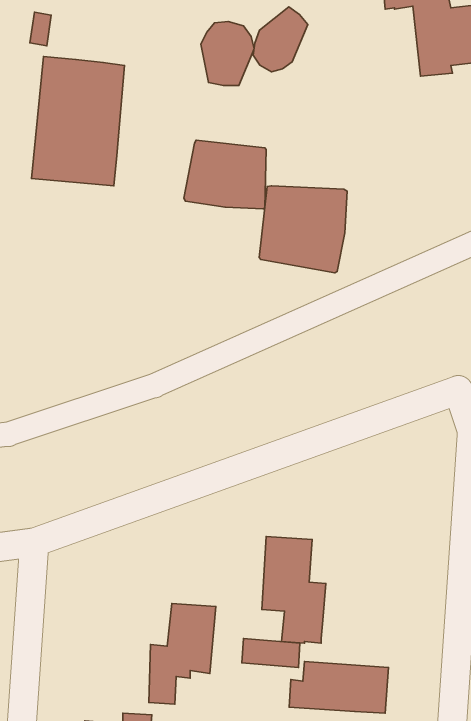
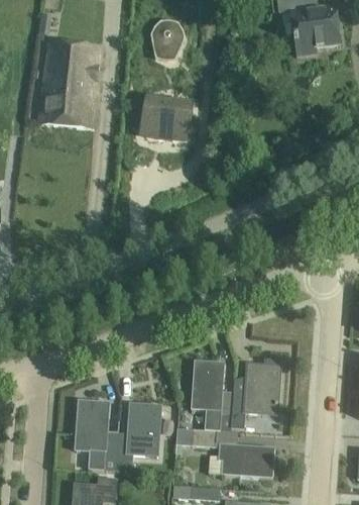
building: [253,7,308,72] -> none
building: [259,186,347,273] -> none
building: none -> [230,359,280,428]
building: none -> [76,400,117,470]

